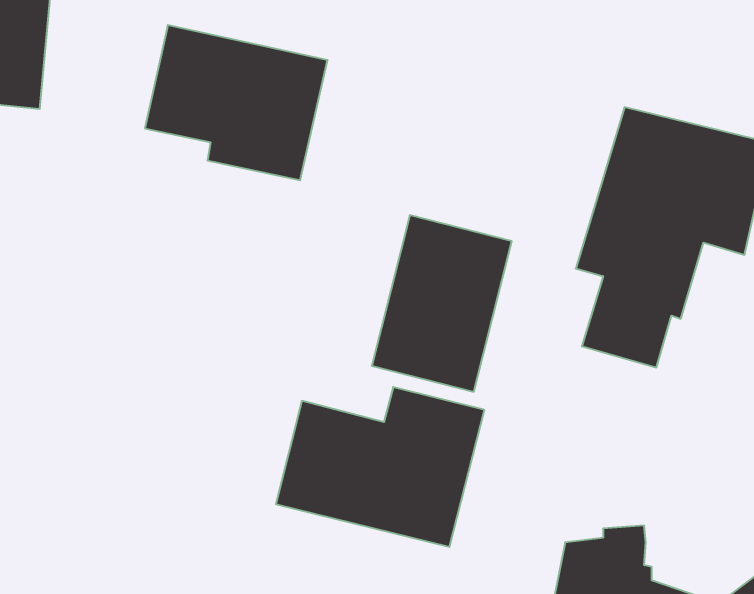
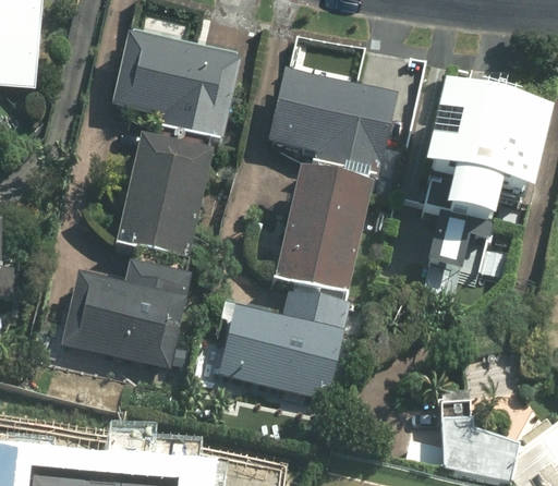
building: none -> [269,65,398,175]
building: none -> [117,132,213,257]
building: none -> [62,258,193,367]

